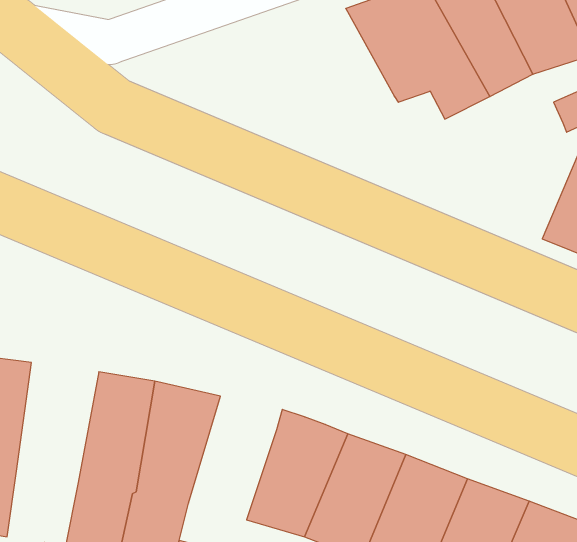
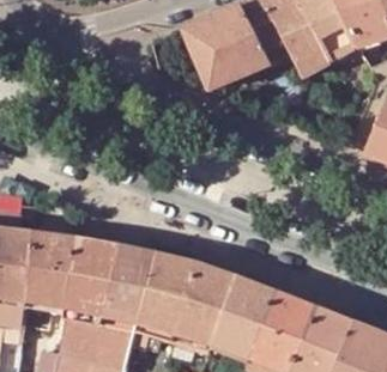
building: none -> [183,6,270,89]
building: none -> [28,232,80,309]
building: none -> [138,254,198,333]

